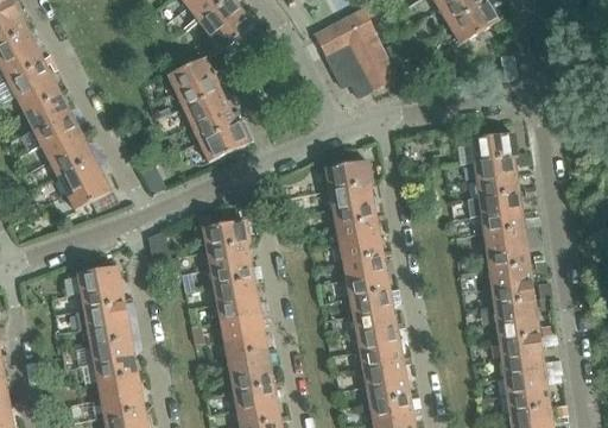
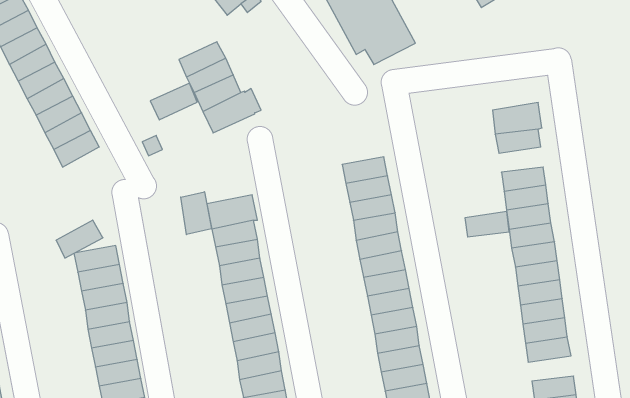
building: [167,57,211,92] -> [150,83,197,120]
building: [325,159,372,190] -> none
building: [66,174,110,209] -> [56,220,103,258]
building: [476,174,518,197] -> [465,212,509,237]
building: none -> [181,192,212,235]
building: [504,370,546,394] -> none

